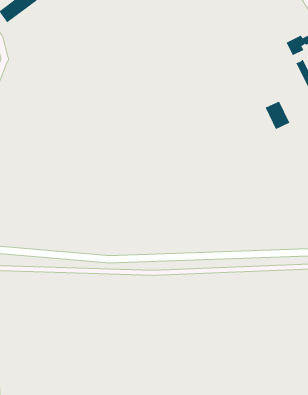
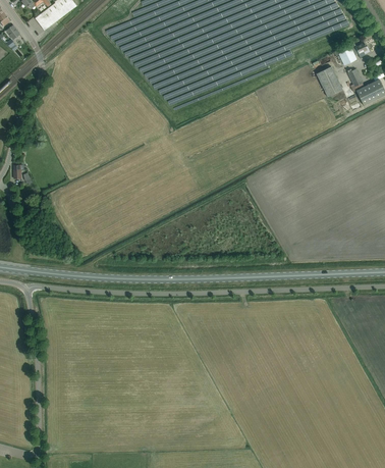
building: [265,101,290,130] -> [316,66,342,97]

